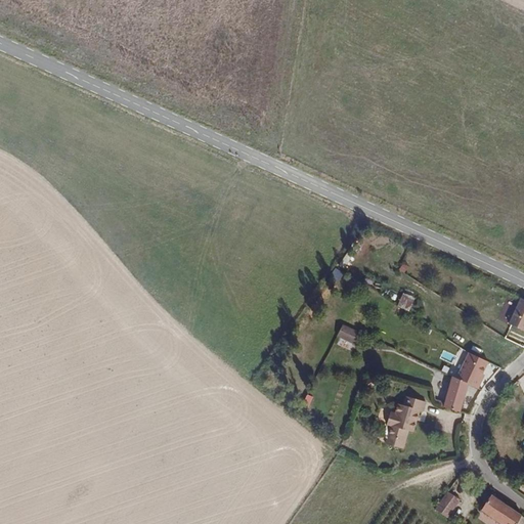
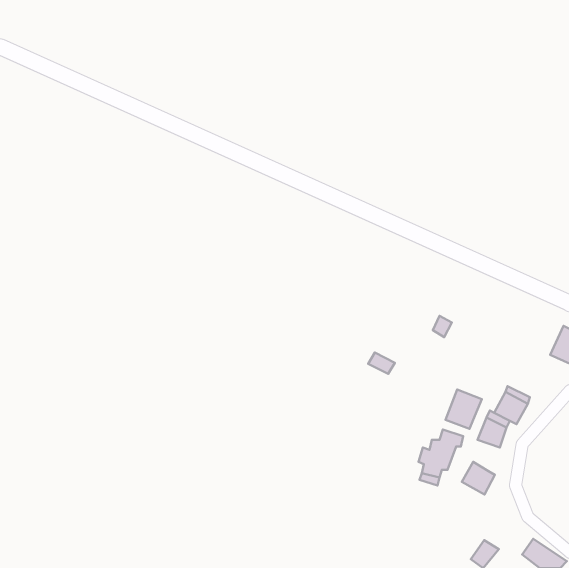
building: none -> [446,389,482,429]
building: none -> [462,462,495,494]

